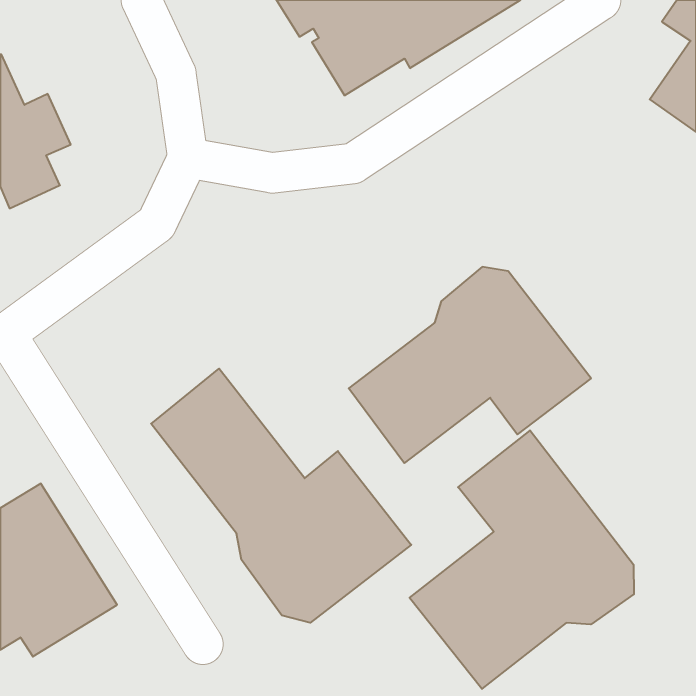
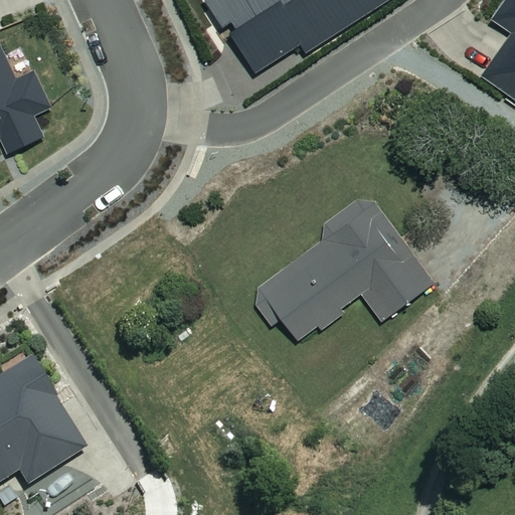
building: [151,369,411,623] -> none
building: [410,430,634,689] -> none

